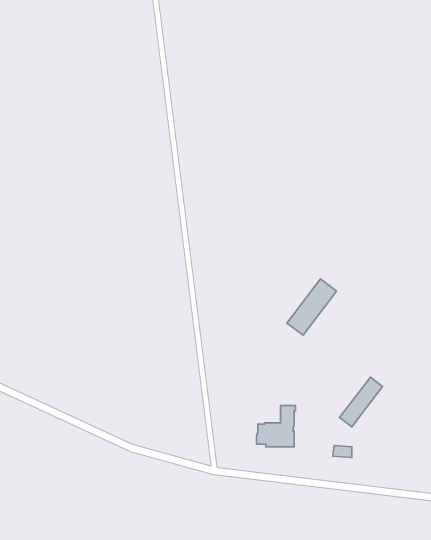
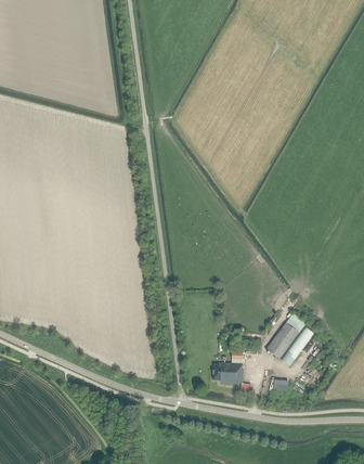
building: [287,279,337,335] -> [265,312,306,358]

